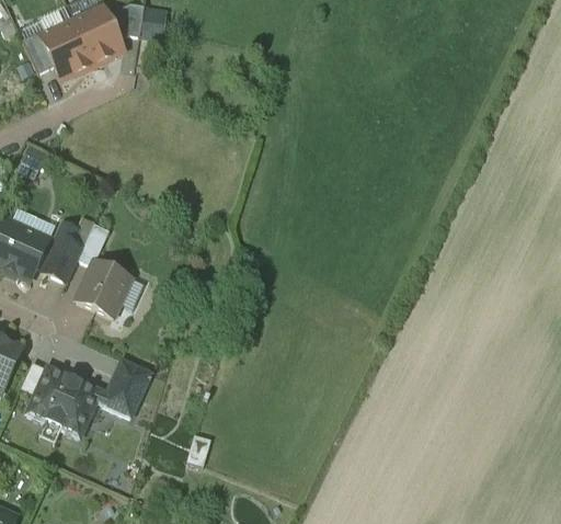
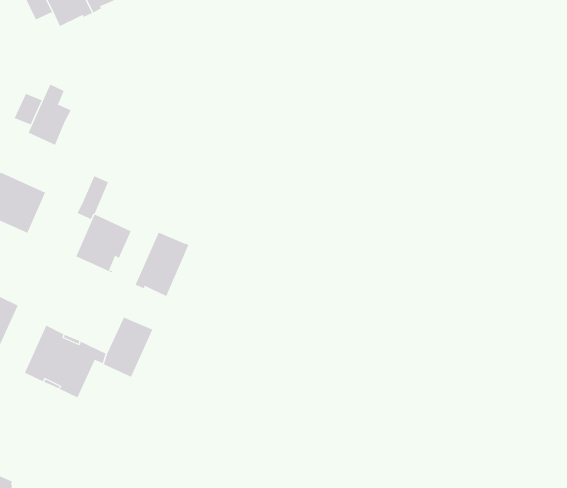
building: [43,223,84,282] -> [28,84,71,145]
building: none -> [135,232,189,297]

